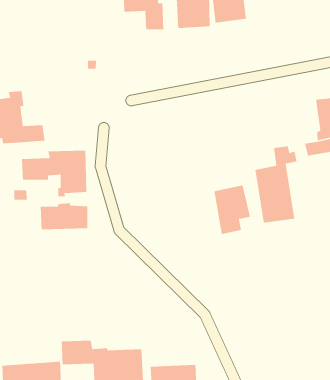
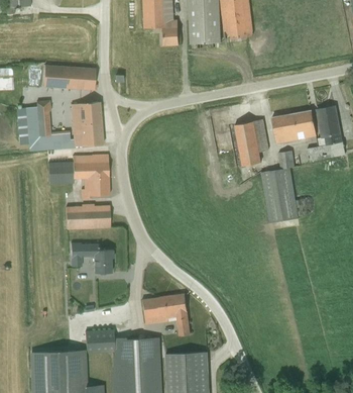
building: none -> [42,65,95,90]
building: none -> [70,102,102,146]
building: none -> [271,110,317,143]
building: [213,184,251,235] -> [235,119,269,166]
building: none -> [80,243,112,272]
building: none -> [141,293,191,334]

